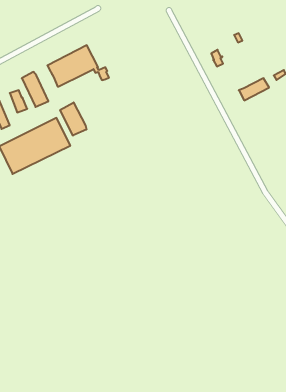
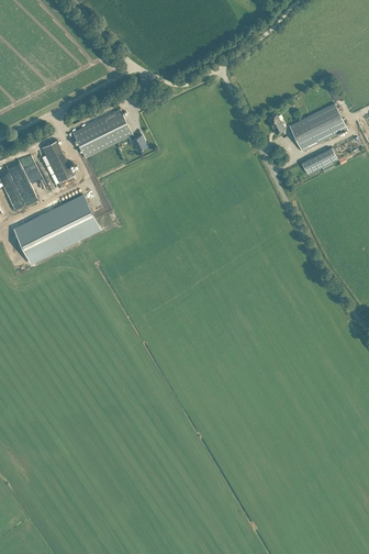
building: none -> [288,102,346,151]
building: [60,102,86,136] -> none

